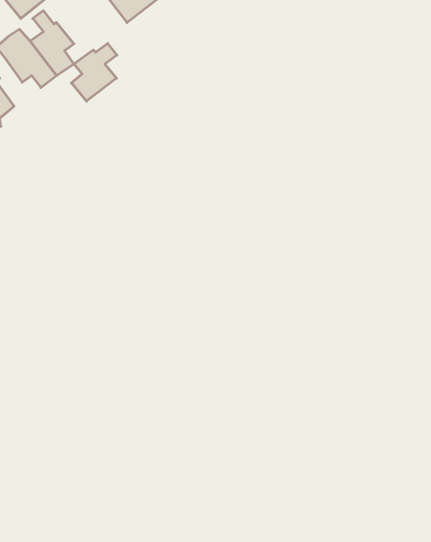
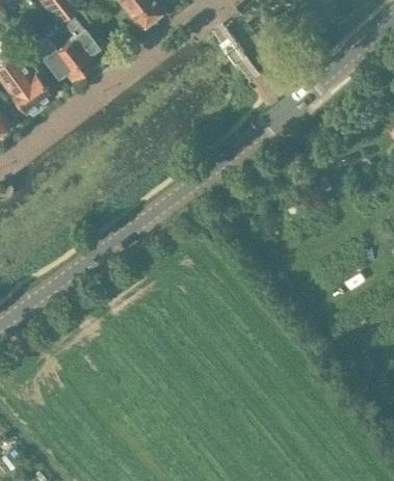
building: [71,43,117,101] -> none

